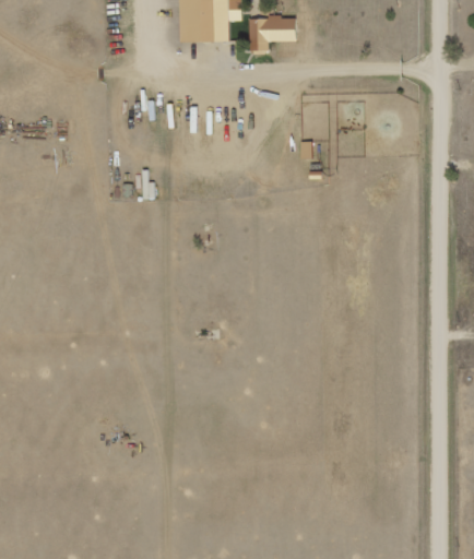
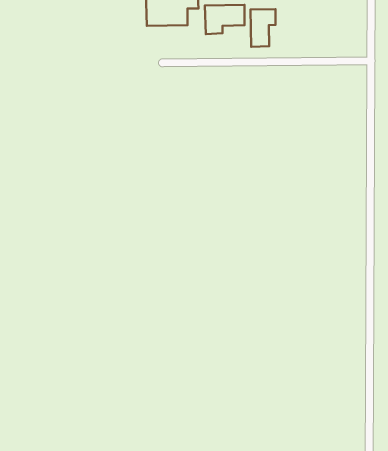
building: none -> [250,9,276,47]

